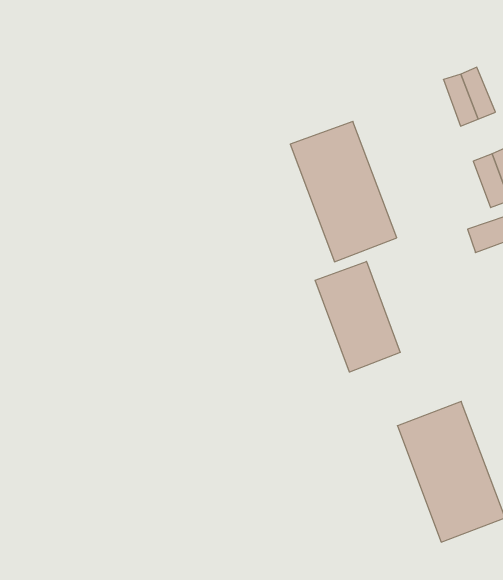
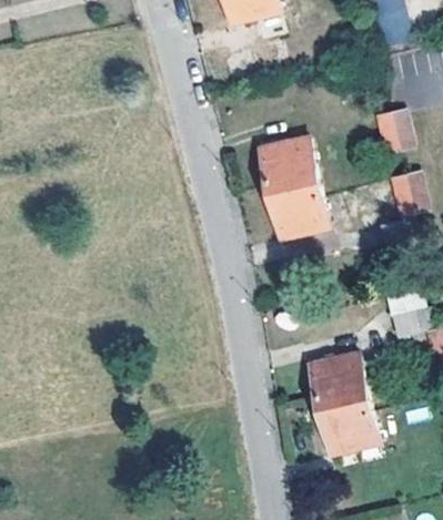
building: [315,261,400,372] -> none

